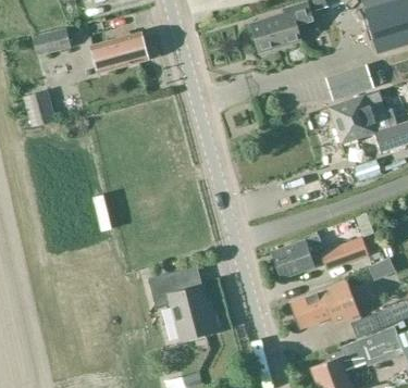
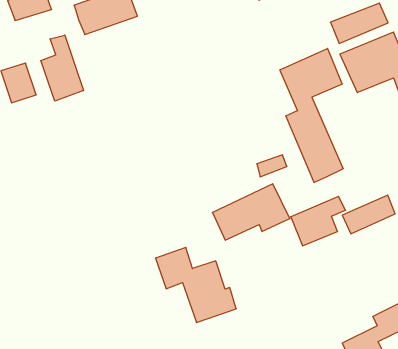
building: none -> [41,35,84,101]
building: none -> [280,48,343,183]
building: [289,281,359,329] -> [212,184,290,240]

